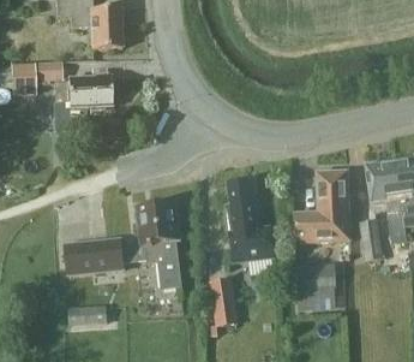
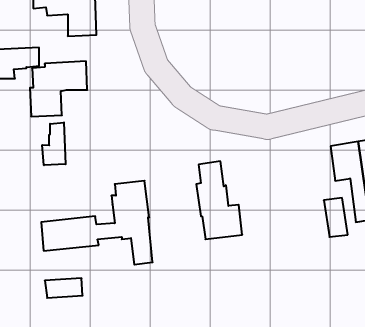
building: none -> [42,122,66,165]
building: [296,171,352,243] -> none
building: [296,262,337,313] -> none
building: [210,277,240,325] -> none

